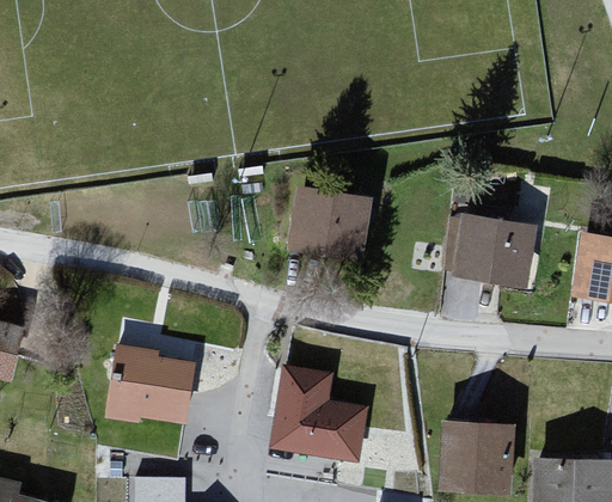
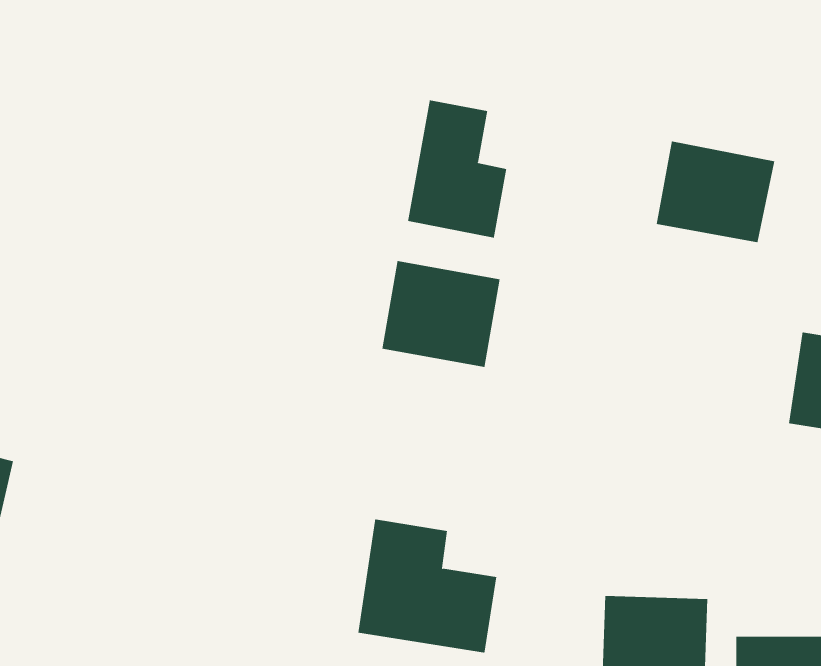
building: none -> [408,100,507,238]
building: [452,215,536,287] -> [656,141,775,243]
building: [104,338,196,427] -> none

